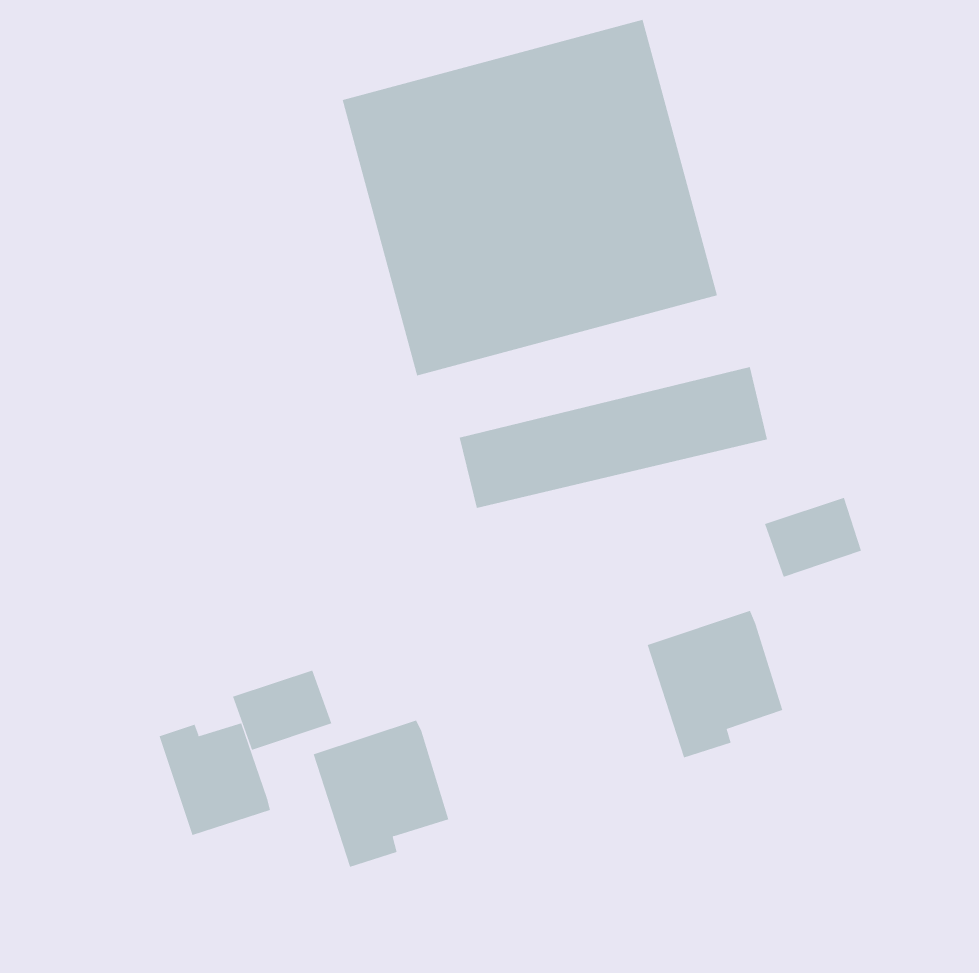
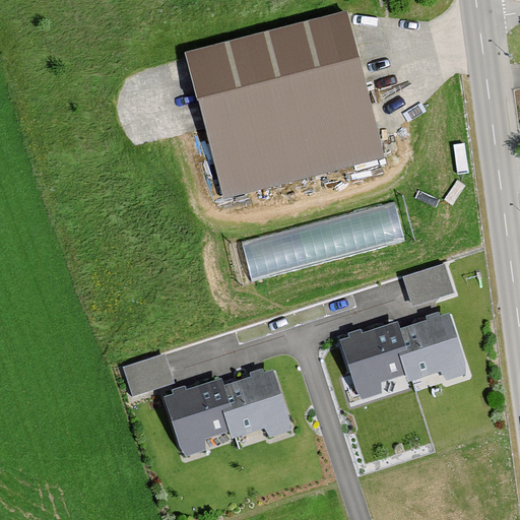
building: none -> [400,313,470,381]
building: none -> [223,371,294,438]
building: [159,722,271,836] -> none

